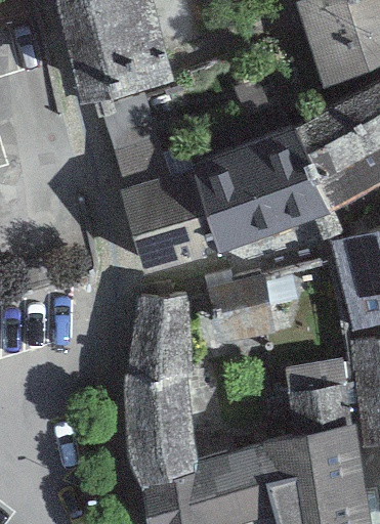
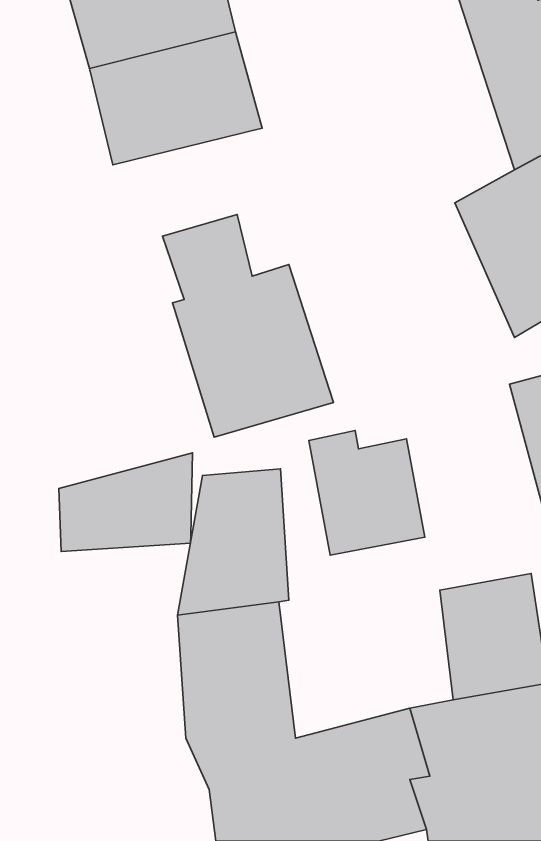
building: [194,130,333,253] -> none
building: none -> [59,453,192,551]

